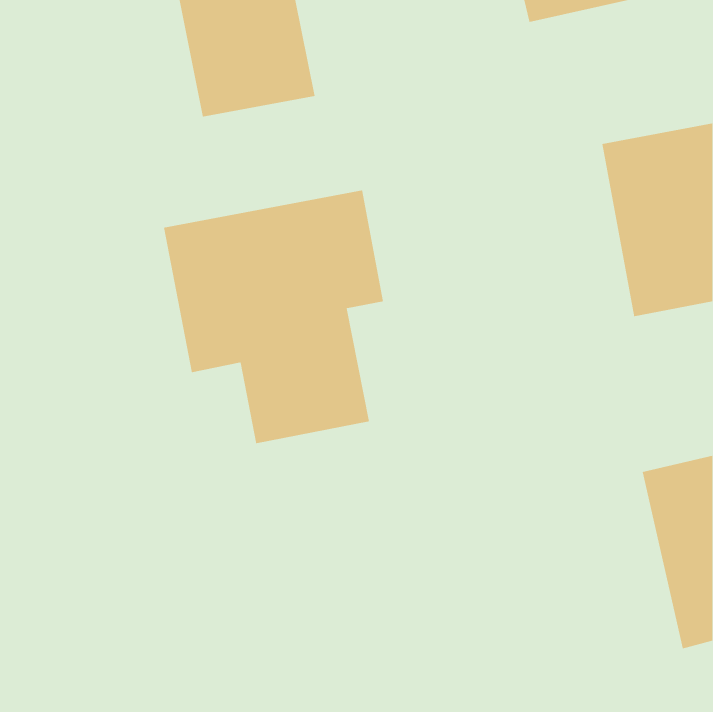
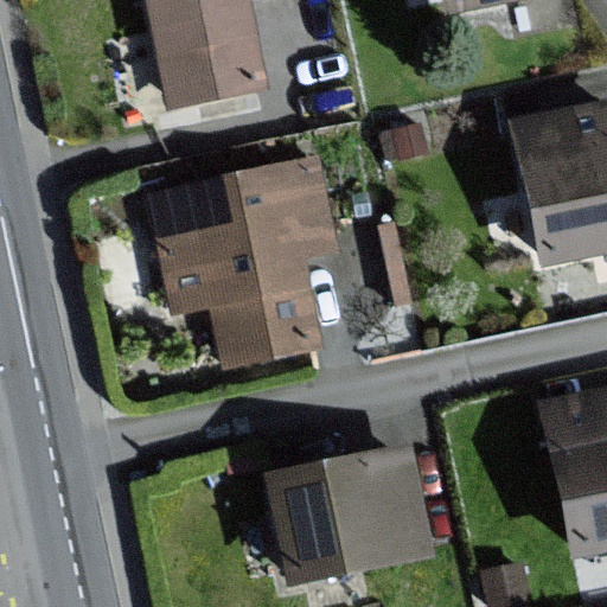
building: none -> [275,443,429,575]

